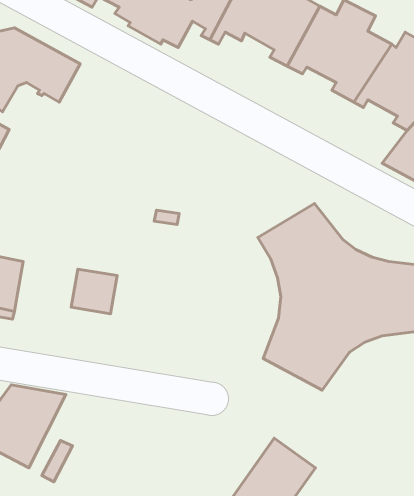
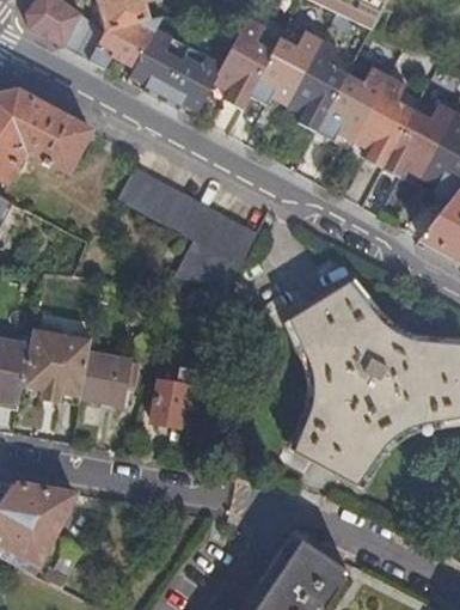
building: none -> [119,167,259,286]
building: none -> [22,325,91,396]
building: none -> [153,379,202,426]

